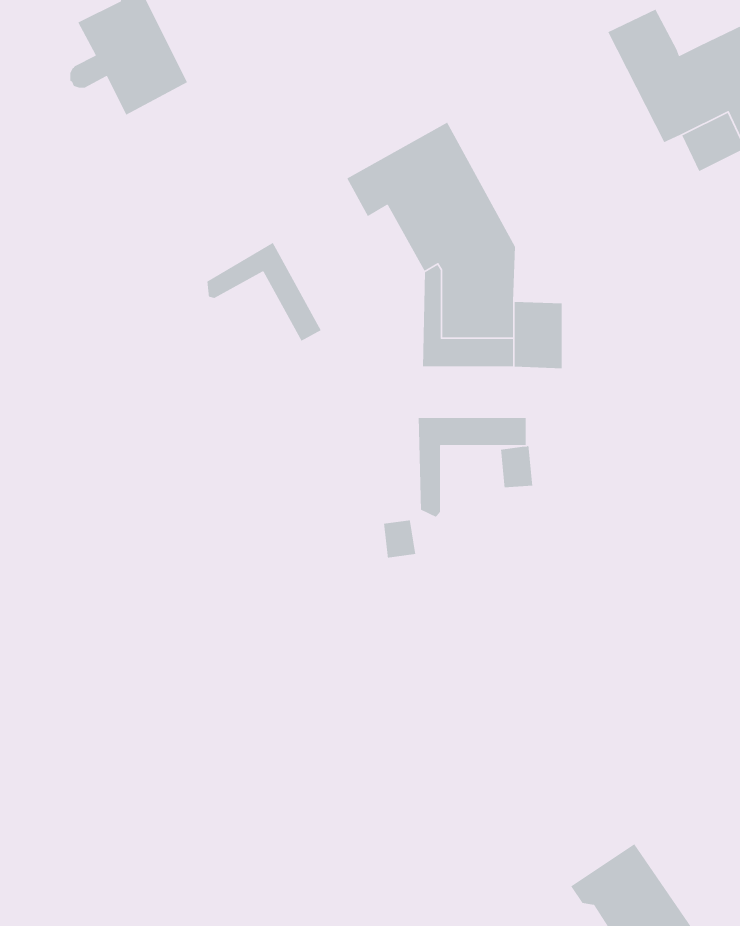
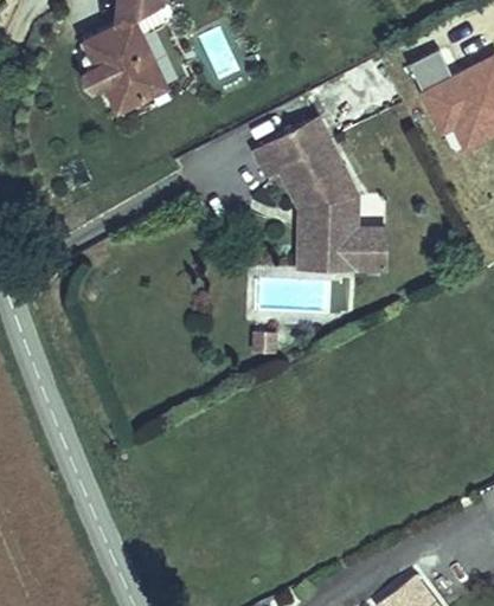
building: [207,242,322,342] -> none
building: [418,417,527,518] -> none

